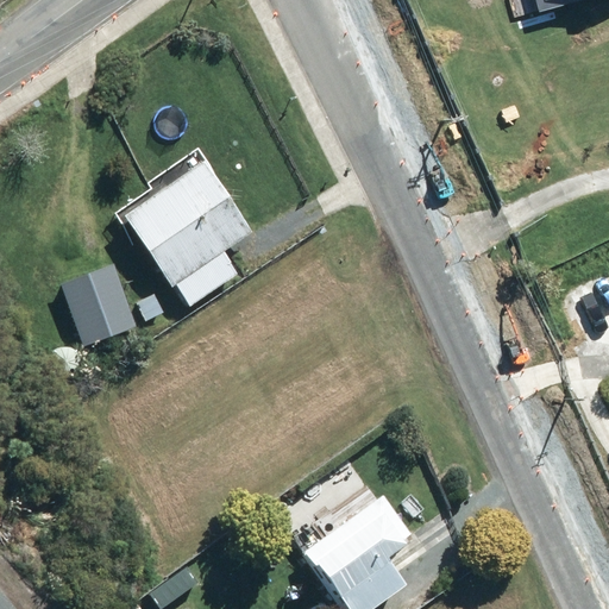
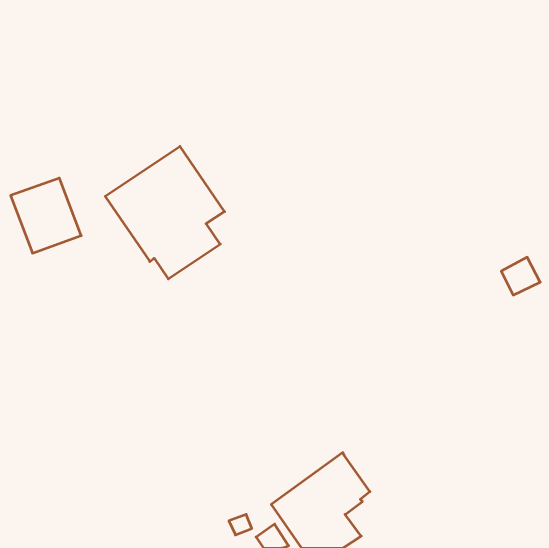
building: [61,262,138,344] -> [11,178,81,253]

